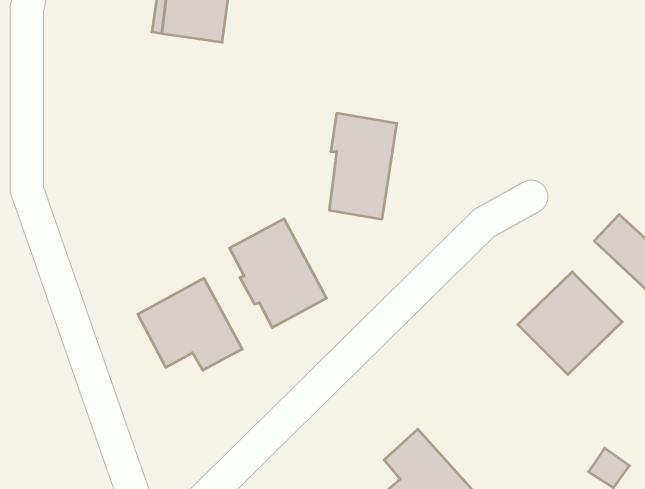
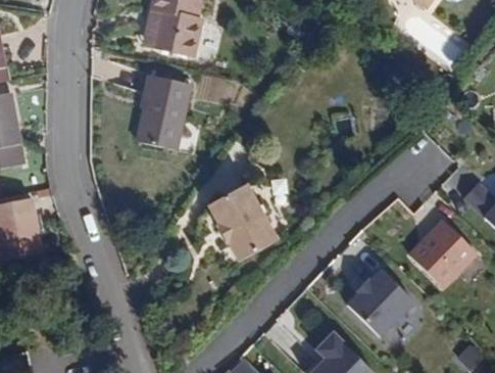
building: [329,113,397,219] -> [155,80,202,153]
building: [138,278,242,370] -> none
building: none -> [345,266,415,337]

